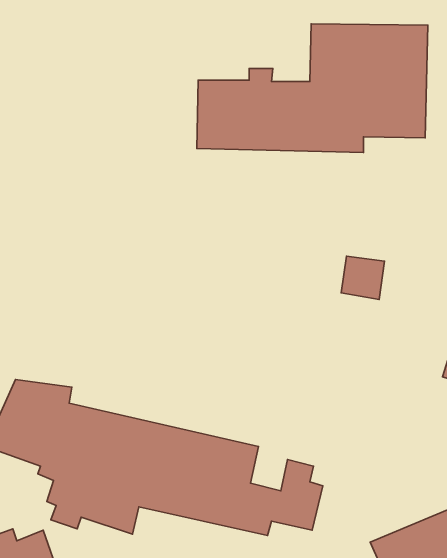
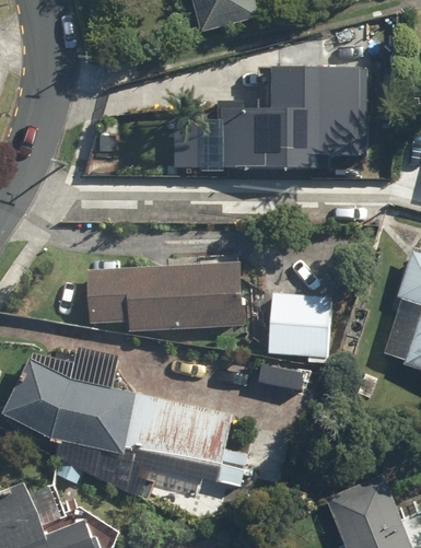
building: none -> [85,266,242,330]
building: none -> [266,294,330,364]

